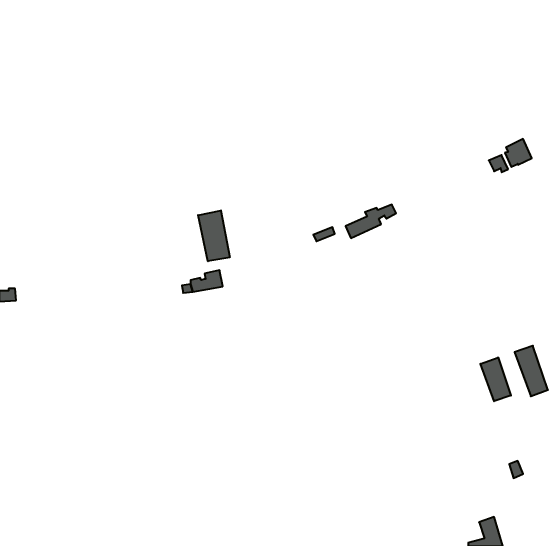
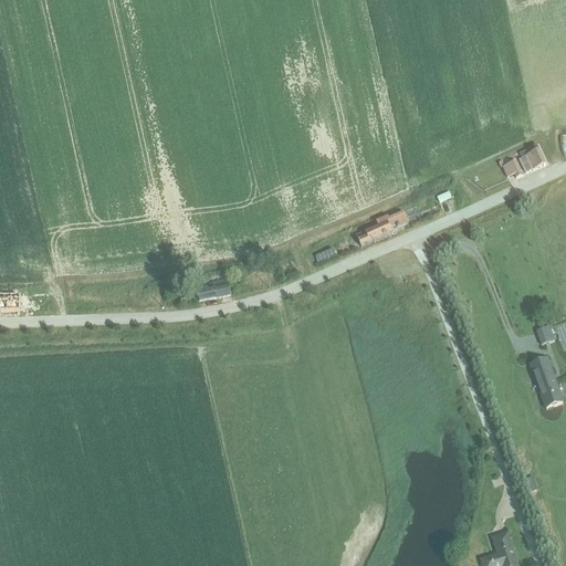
building: [198,210,230,261] -> none
building: [480,357,511,401] -> none

